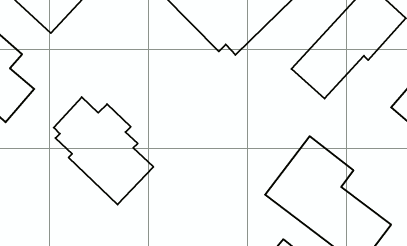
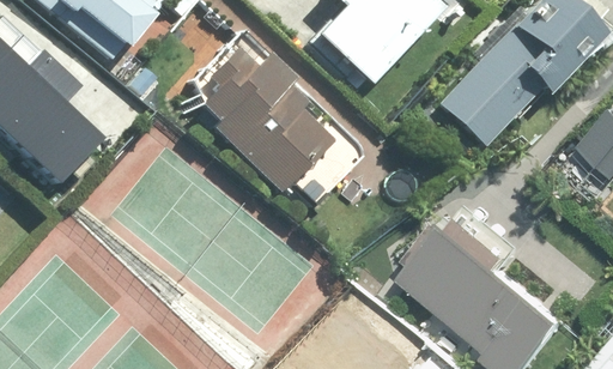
building: [54,97,153,205] -> [193,43,329,190]

